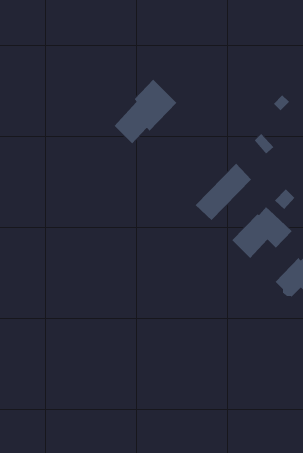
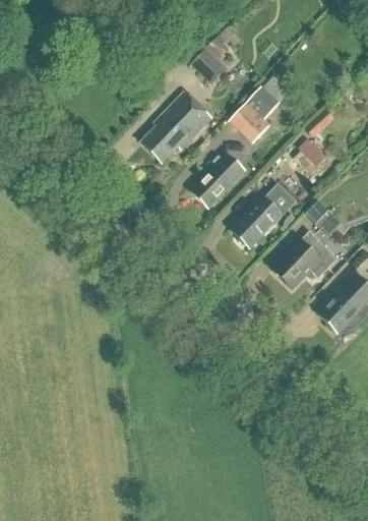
building: none -> [193,47,230,83]
building: none -> [230,70,291,143]
building: none -> [195,152,247,206]

